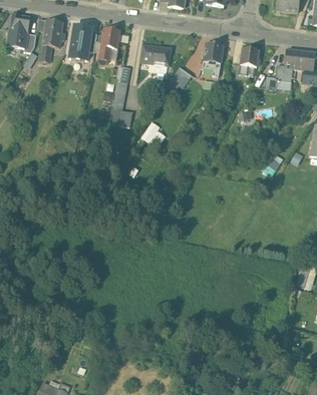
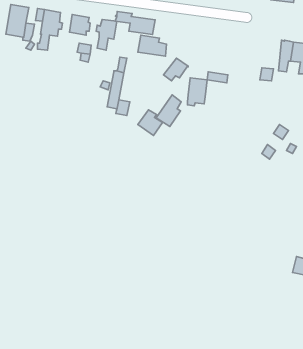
building: none -> [115,11,155,34]
building: [203,43,223,71] -> [187,78,207,106]
building: [239,48,259,76] -> none
building: none -> [156,95,181,127]

